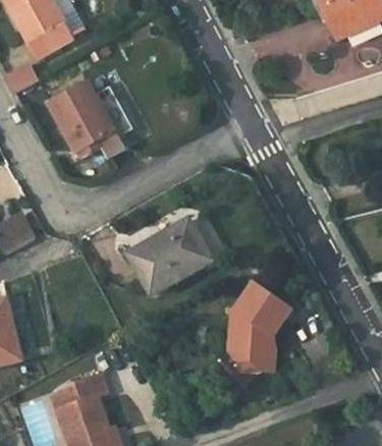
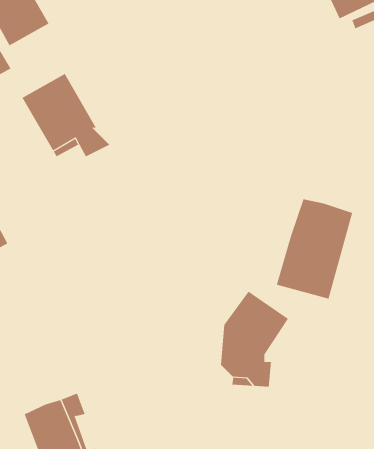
building: none -> [276,198,353,299]
building: [129,219,213,293] -> none

